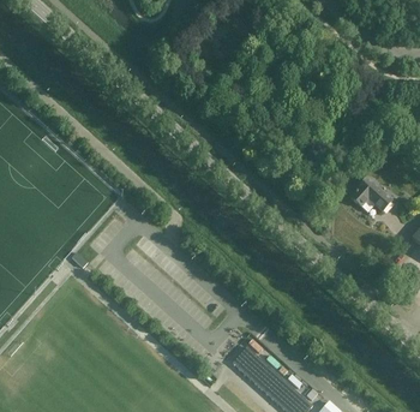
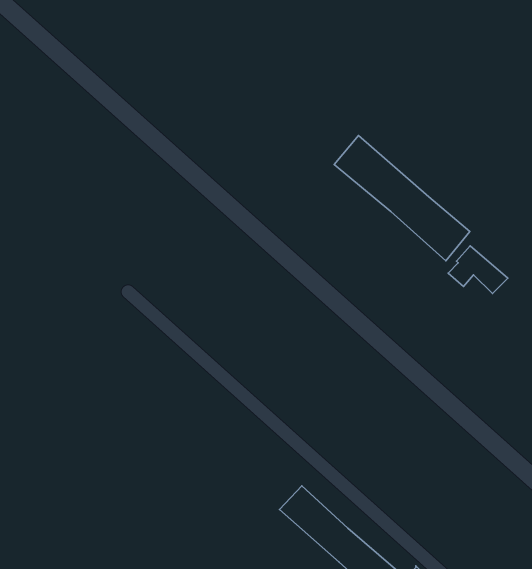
building: none -> [334,135,470,261]

